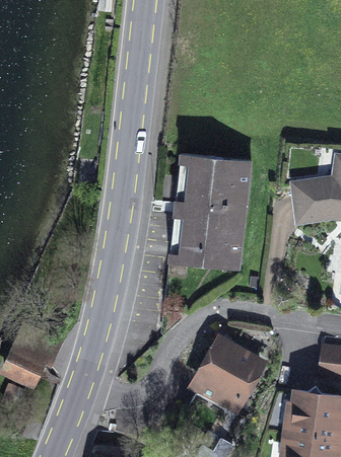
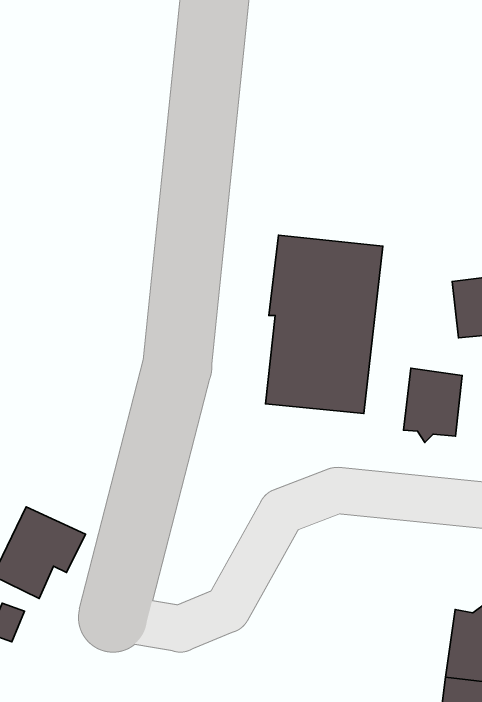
building: none -> [404,368,462,442]
building: [200,342,259,400] -> none

